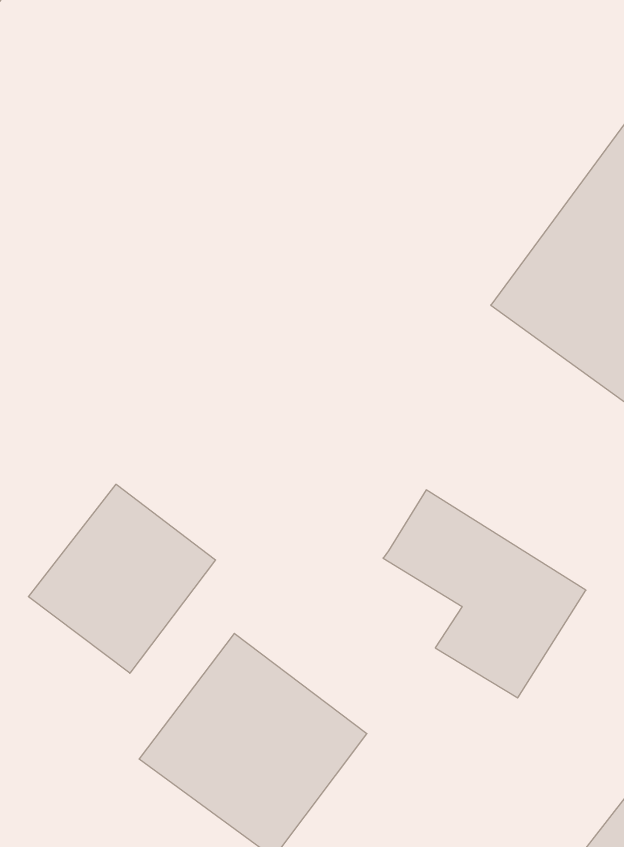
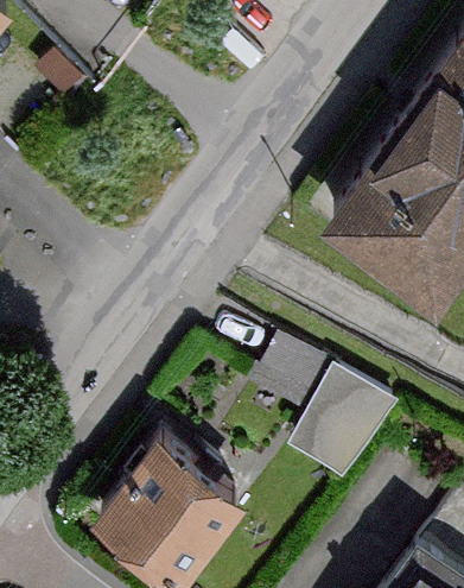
building: [28,484,216,673] -> none

